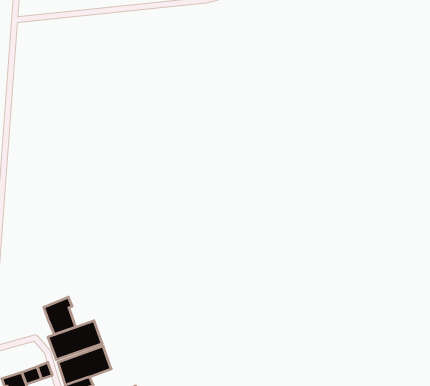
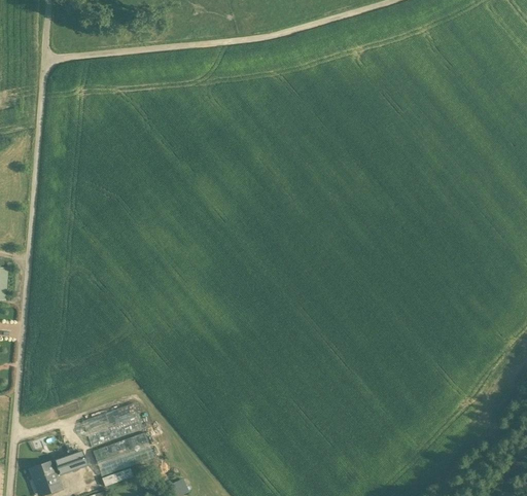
building: [44,297,76,335] -> none

